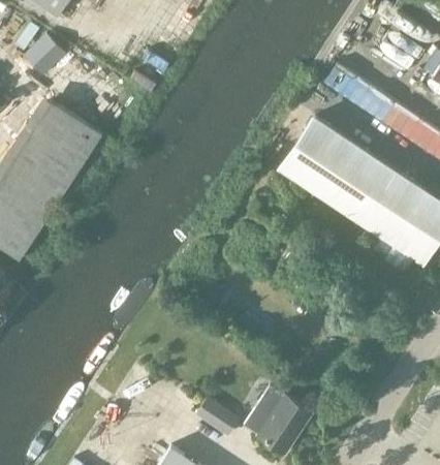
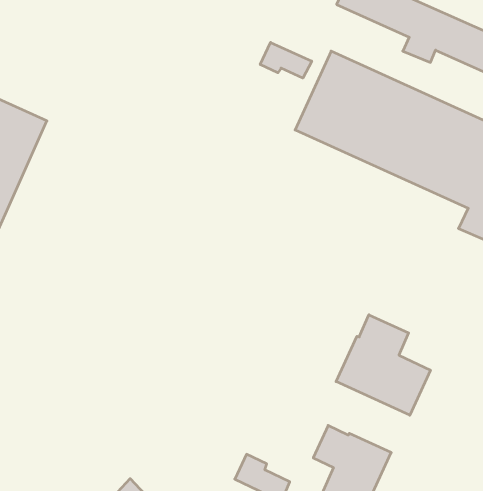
building: none -> [260,42,312,78]
building: none -> [336,315,430,415]

